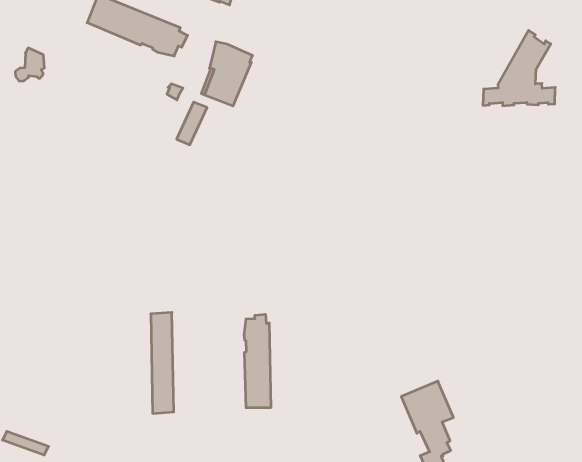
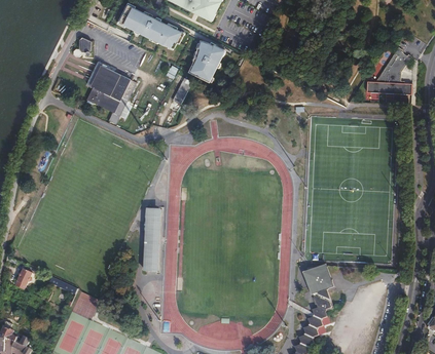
building: none -> [85,61,136,123]
building: [244,314,271,408] -> none

